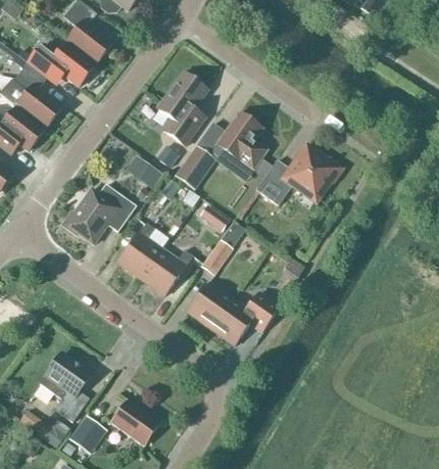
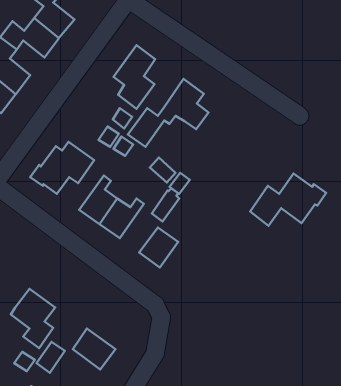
building: [256,144,344,204] -> [250,173,326,226]
building: [211,291,280,344] -> none

